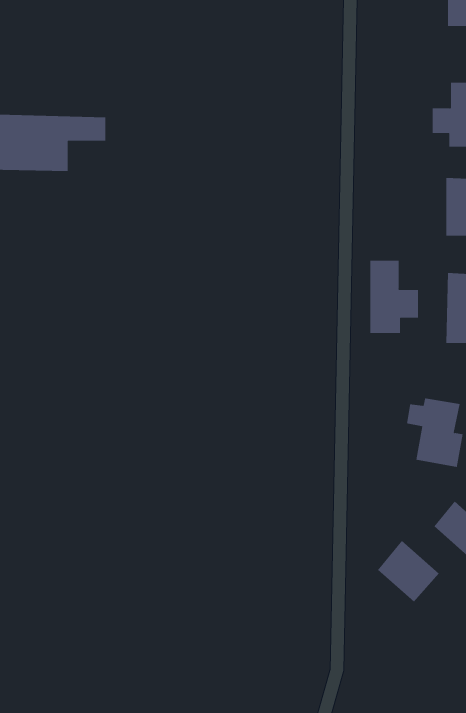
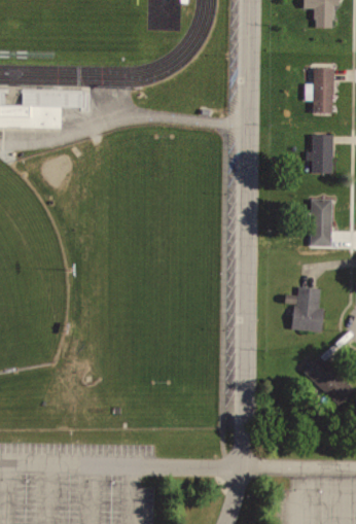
building: [370,260,418,334] -> none
building: [377,540,439,602] -> none

